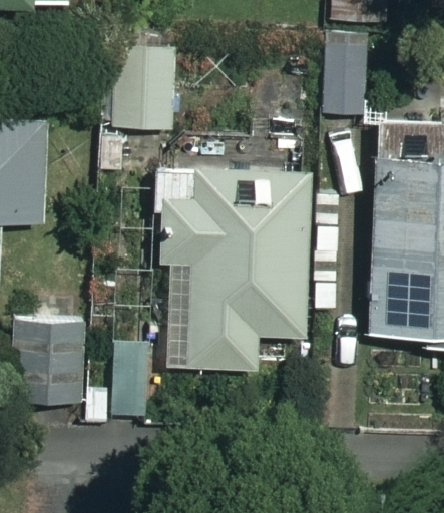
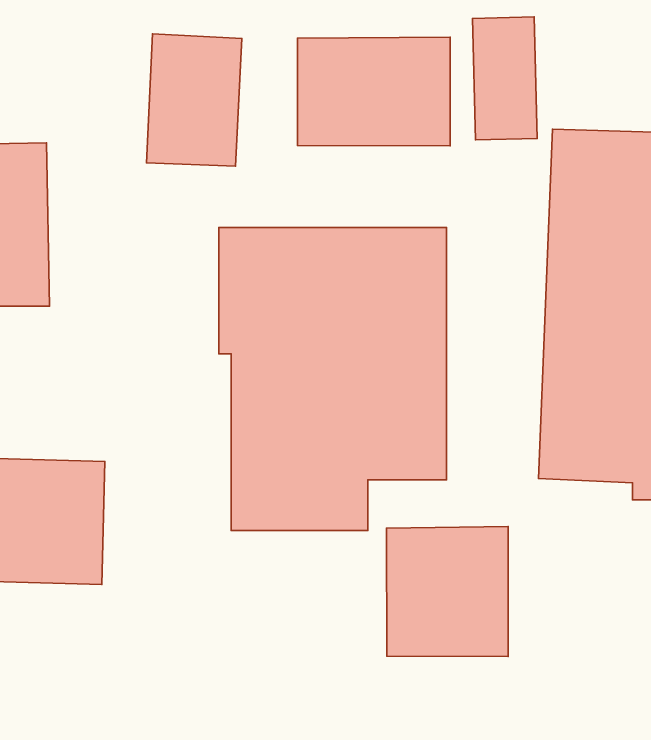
building: none -> [297,37,450,146]
building: none -> [387,527,508,657]

